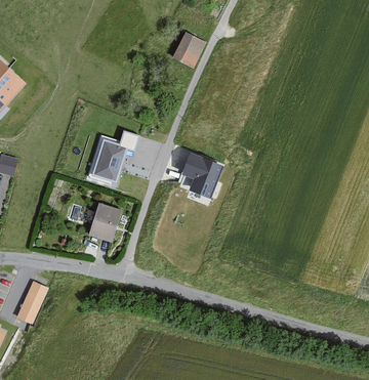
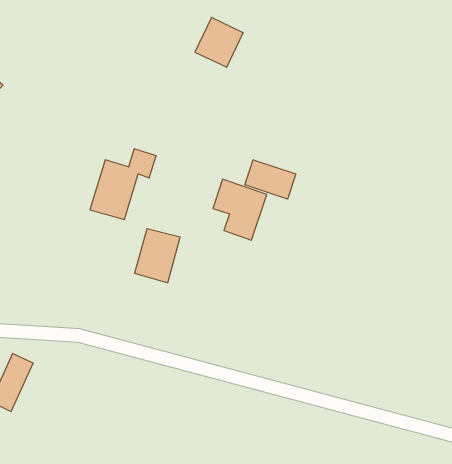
building: none -> [245,160,296,199]
building: [84,203,118,243] -> [135,229,180,283]

